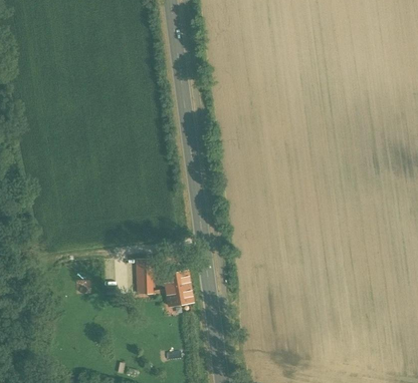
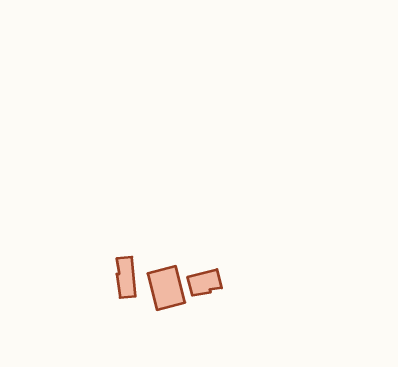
building: none -> [188,269,222,295]

